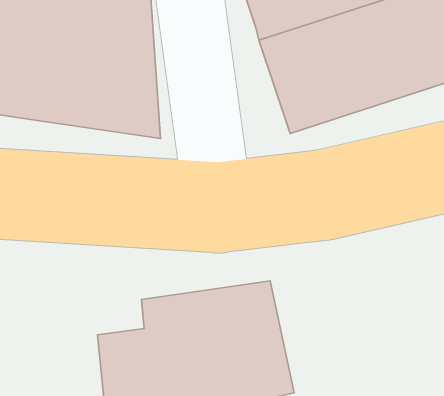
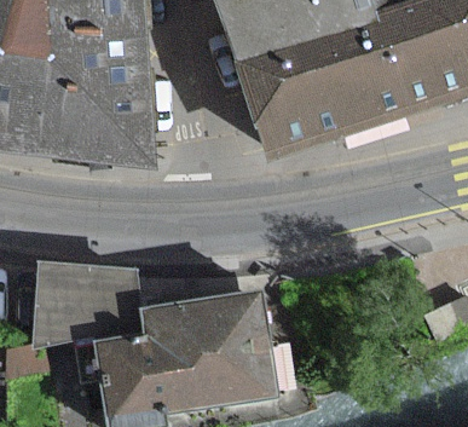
building: none -> [35,266,141,354]

